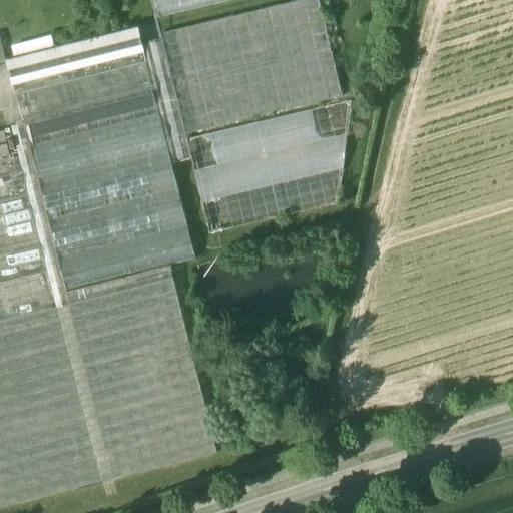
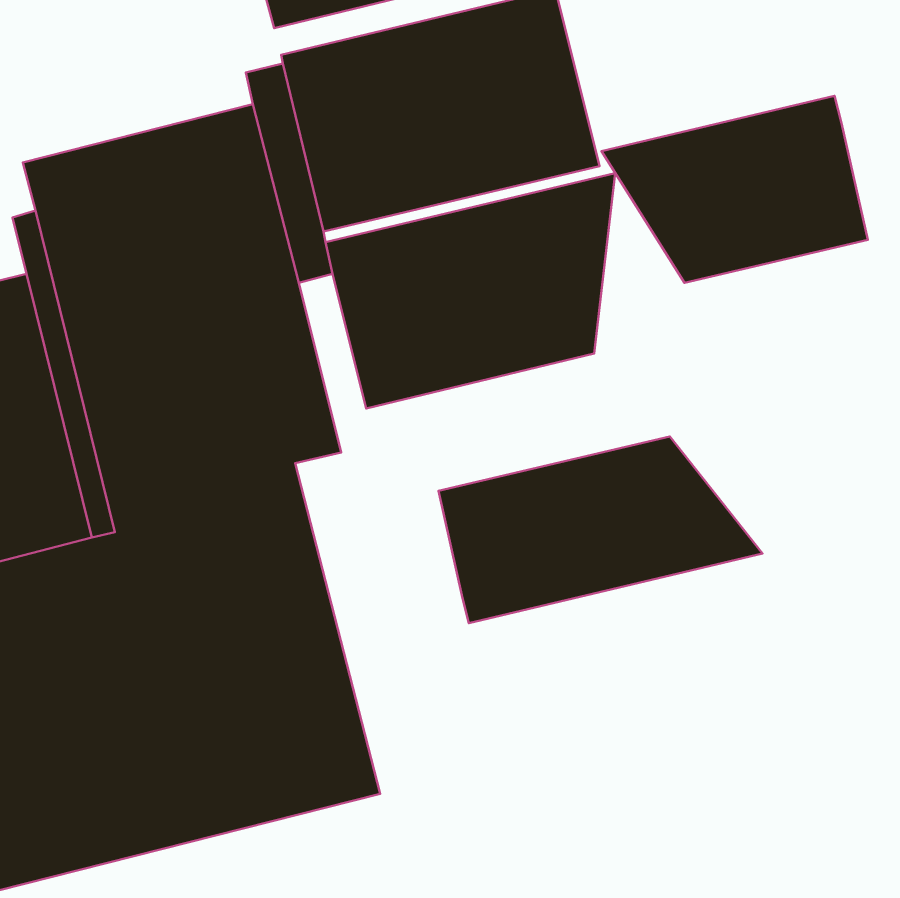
building: [4,25,143,92] -> none
building: none -> [601,96,868,283]
building: none -> [439,436,763,623]

